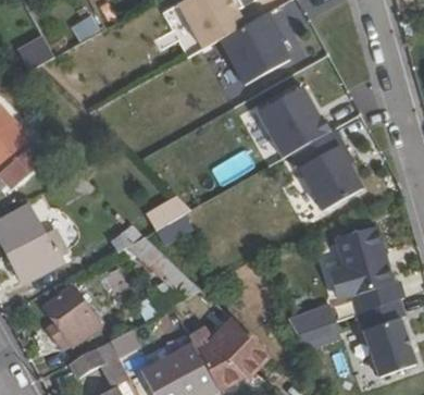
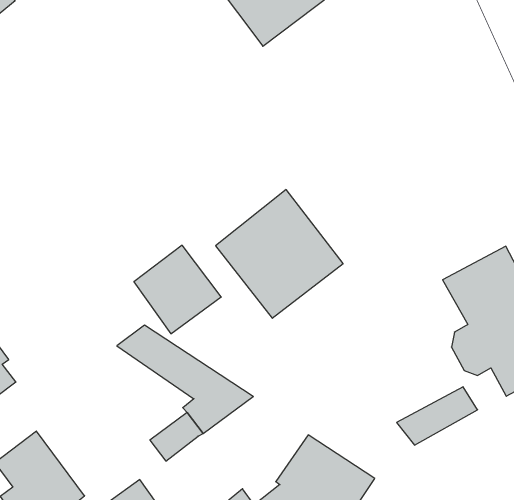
building: [255,81,331,157] -> [216,190,343,318]
building: [299,141,364,209] -> none

